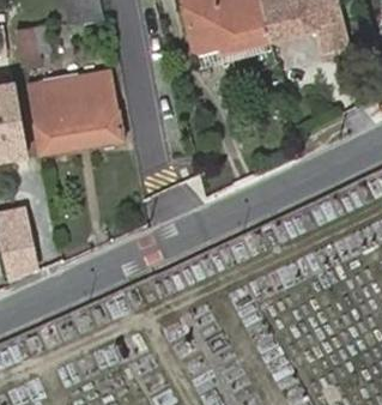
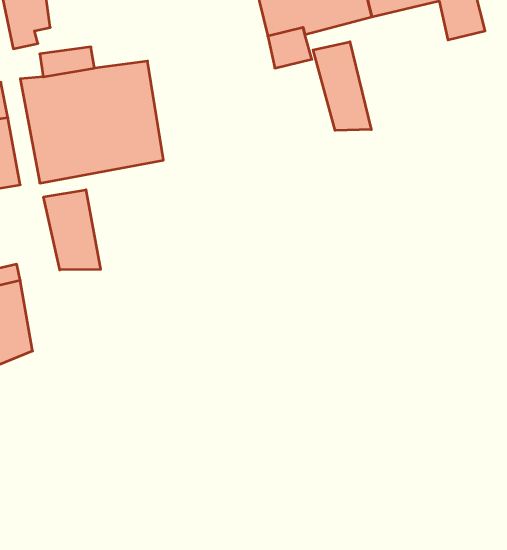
building: none -> [313,42,371,130]
building: none -> [44,190,101,270]

